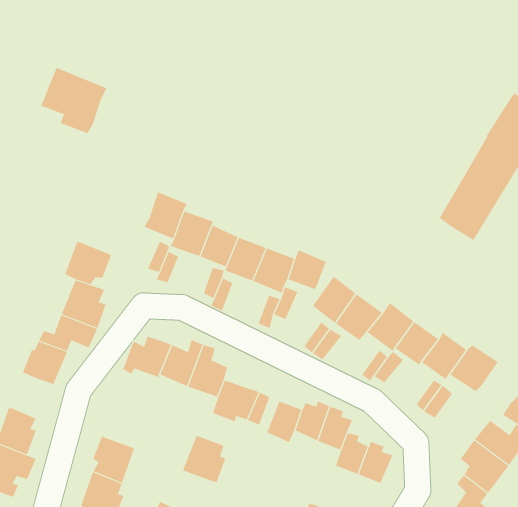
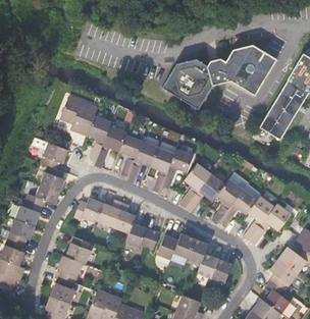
building: [40,67,107,134] -> [59,94,98,132]
building: none -> [160,45,276,108]
building: none -> [8,217,35,244]
building: [182,435,226,483] -> [65,234,91,262]

